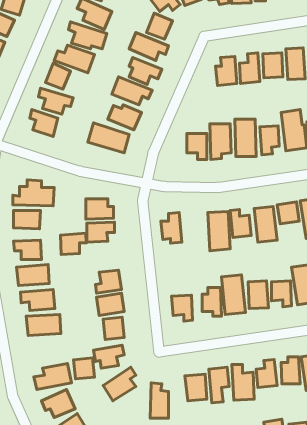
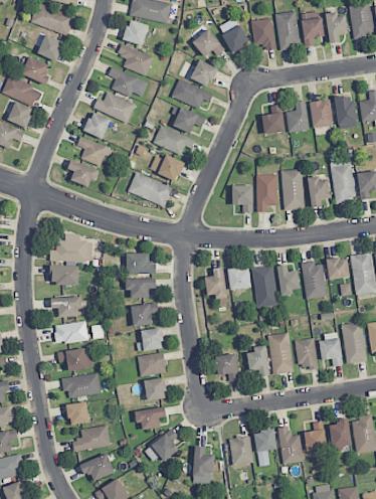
building: none -> [227,268,250,290]
building: [60,233,86,254] -> [131,304,158,326]
building: [73,358,95,379] -> [66,402,88,425]

